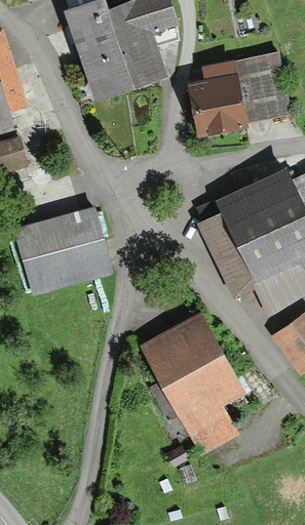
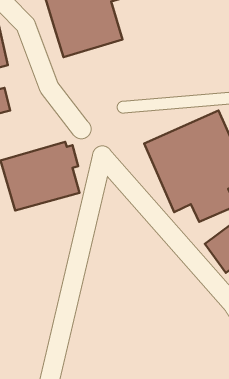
building: [187,53,290,136] -> none
building: [141,312,244,451] -> none

